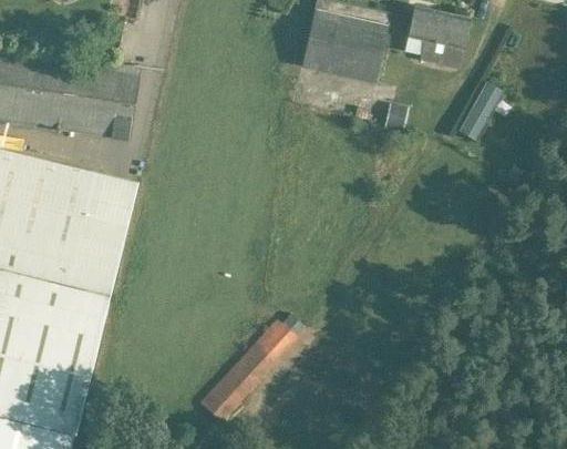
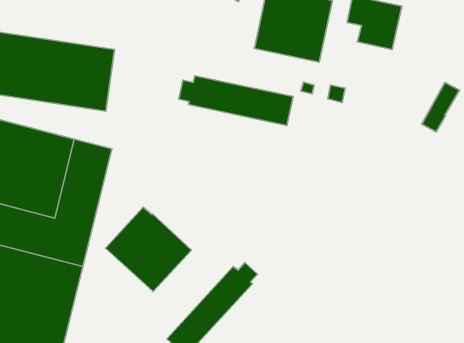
building: [460,84,503,141] -> [422,83,459,132]
building: none -> [179,76,293,125]
building: none -> [105,207,192,292]

